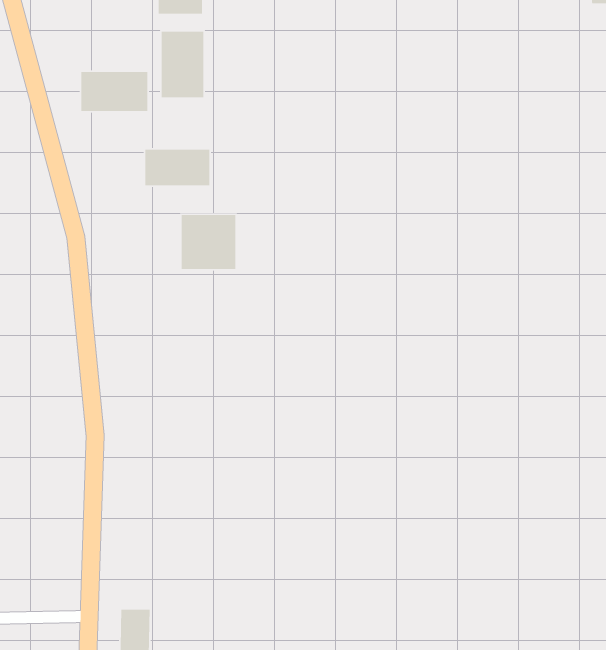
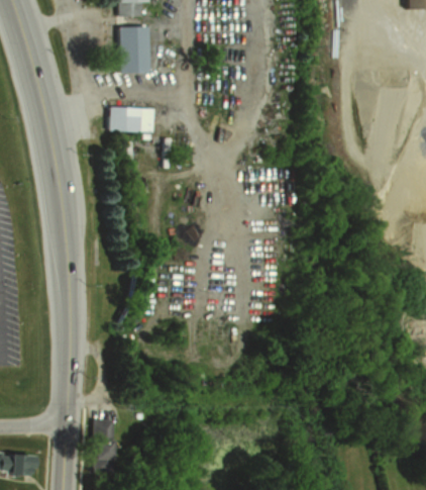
building: [81,71,148,112] -> none
building: [181,214,236,270] -> none

